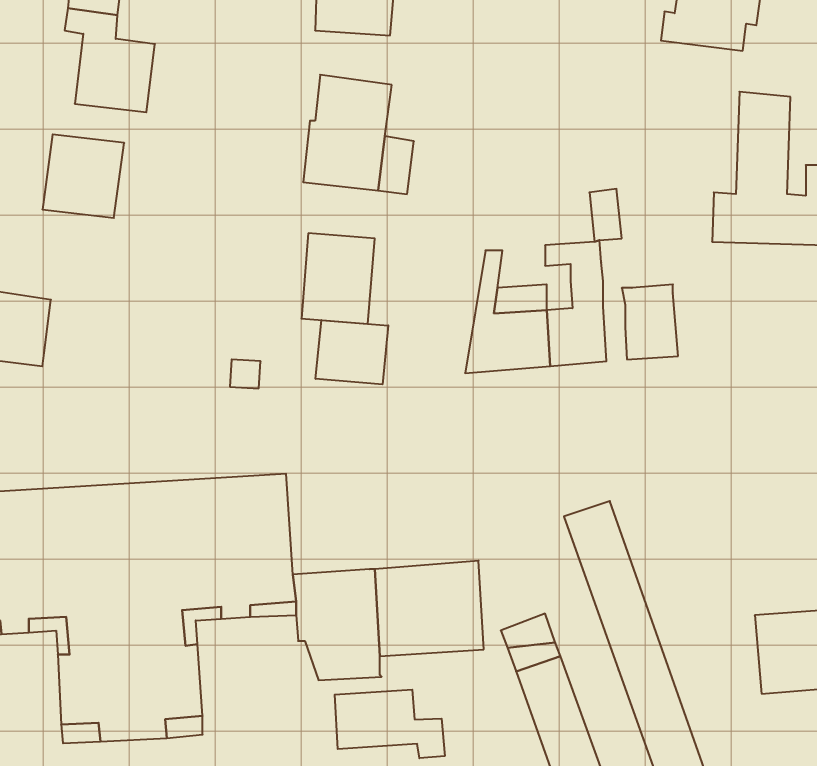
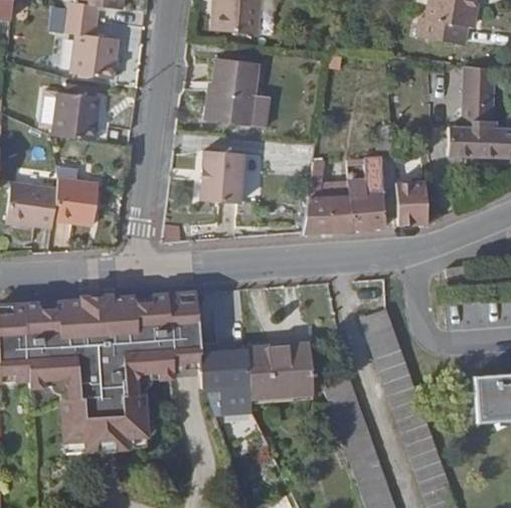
building: none -> [52,179,99,225]
building: [316,320,388,384] -> none
building: [335,690,445,758] -> none

